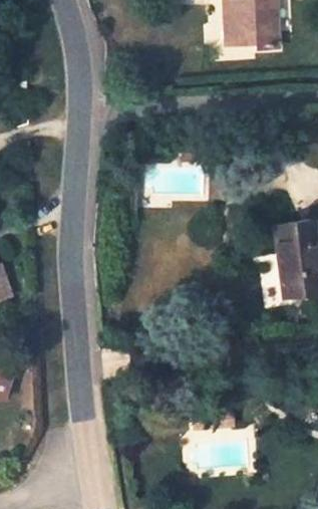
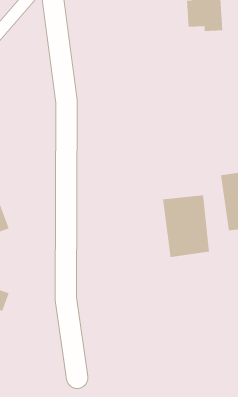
building: none -> [163,195,209,258]

